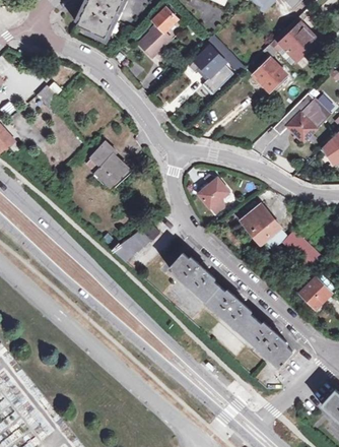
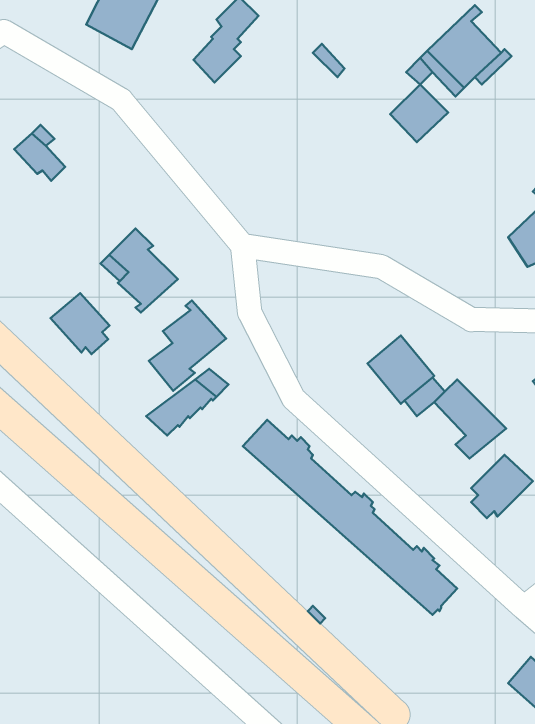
building: [188,47,232,95] -> none
building: [272,93,331,142] -> none
building: [197,175,228,214] -> none
building: none -> [51,293,109,354]
building: none -> [149,301,226,391]

